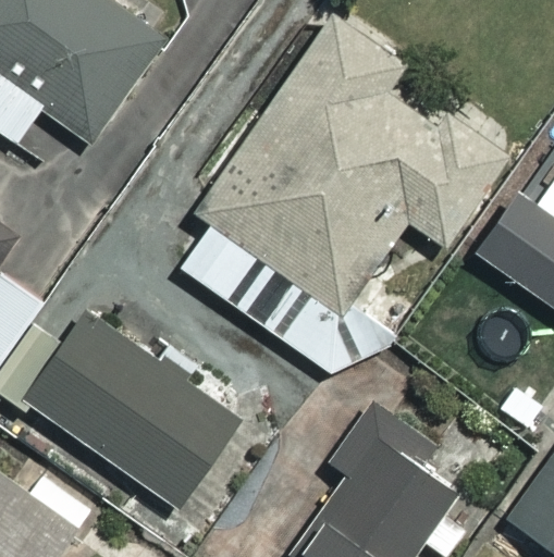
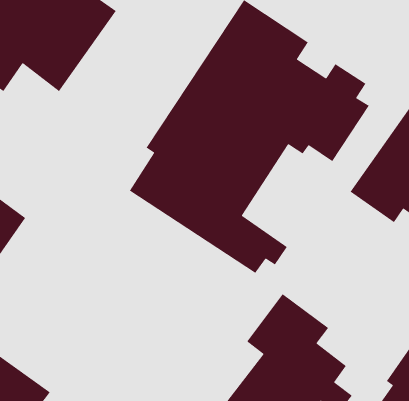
building: [24,311,238,507] -> none

